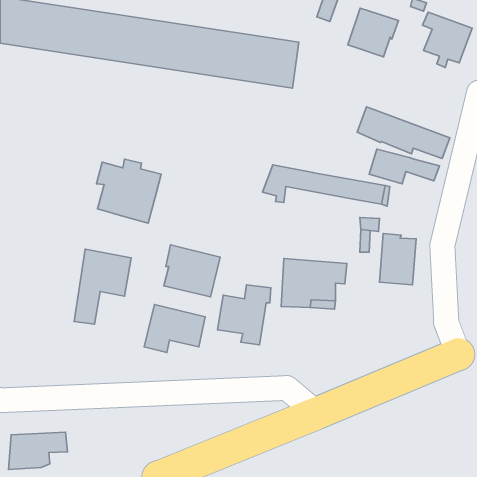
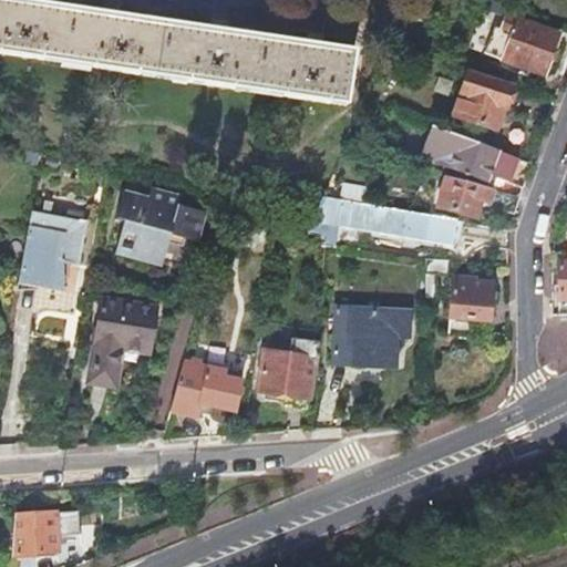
building: [348,8,398,57] -> [455,72,515,130]
building: none -> [21,208,90,276]
building: [164,245,220,297] -> none

